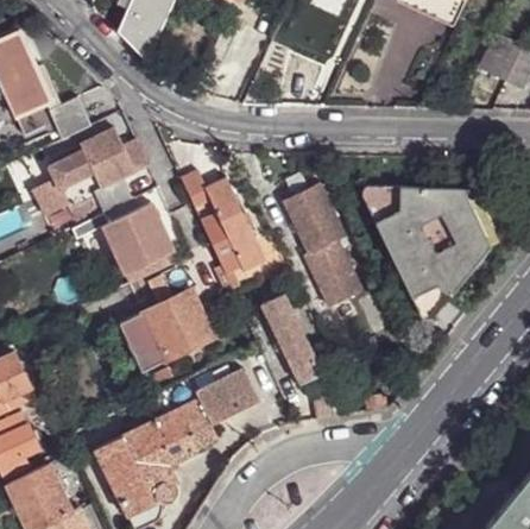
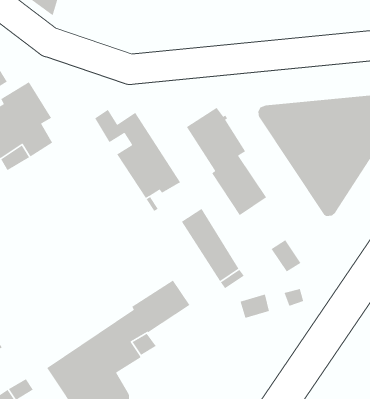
building: [101,202,171,273] -> none
building: [119,289,213,370] -> none

